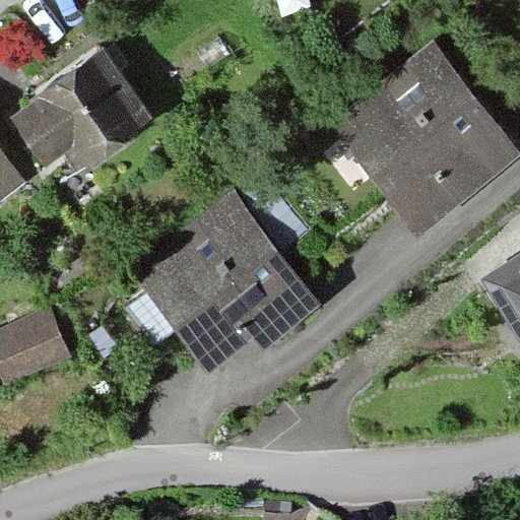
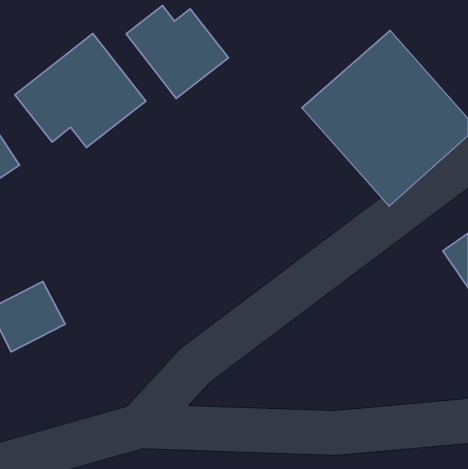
building: none -> [126,5,228,99]
building: [129,195,312,378] -> none

